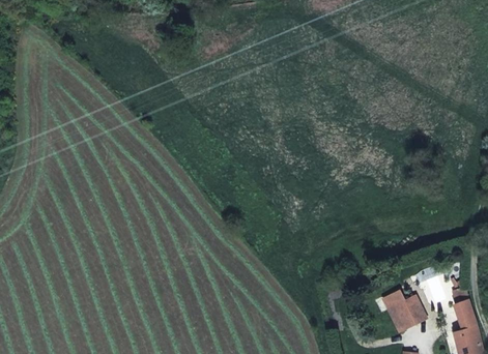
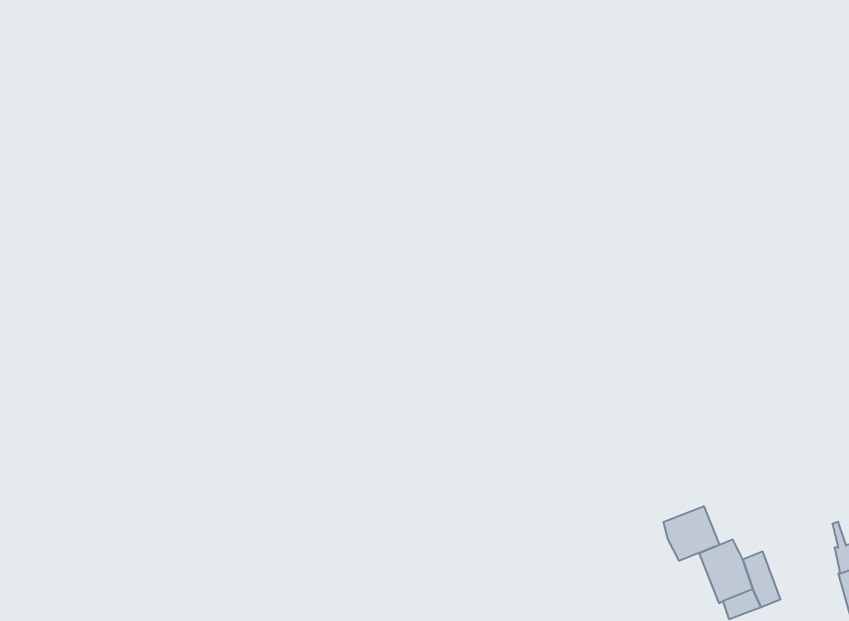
building: none -> [663,506,719,561]

